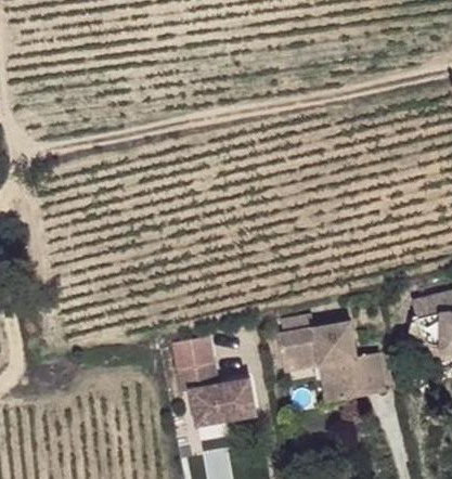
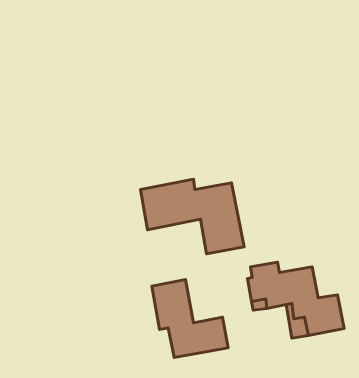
building: none -> [140,179,244,254]

